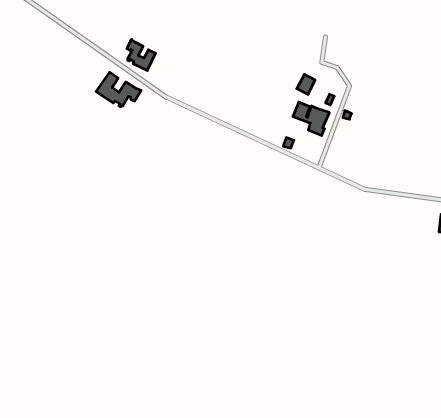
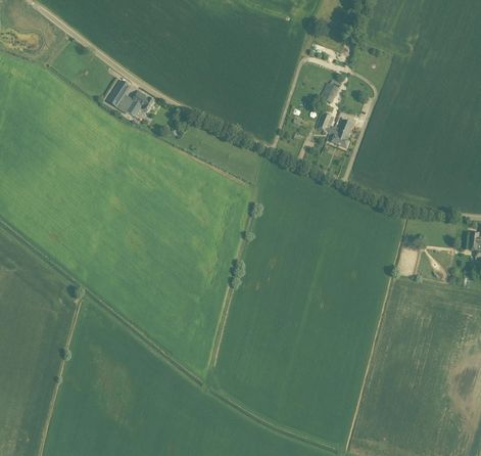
building: [127,39,156,71] -> none

